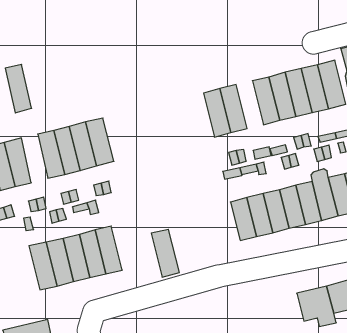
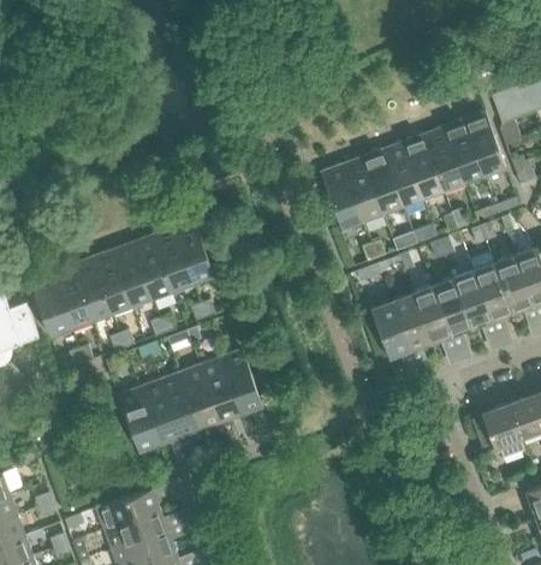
building: [5,64,32,113] -> [91,250,131,314]
building: none -> [361,150,402,213]
building: [151,229,179,277] -> [220,351,262,414]

